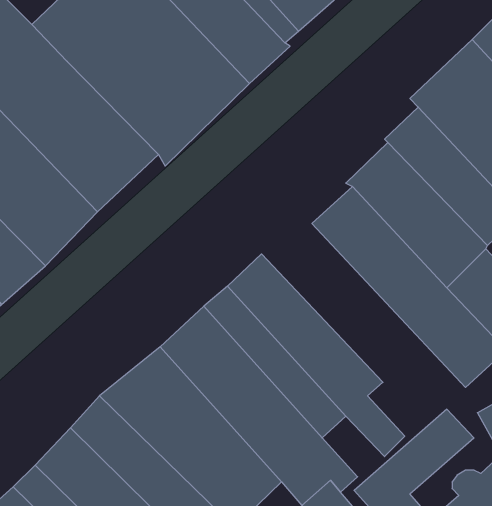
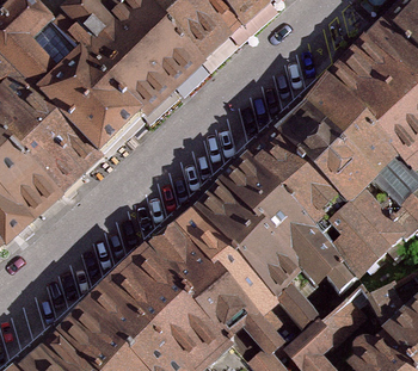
building: none -> [216,156,357,292]

